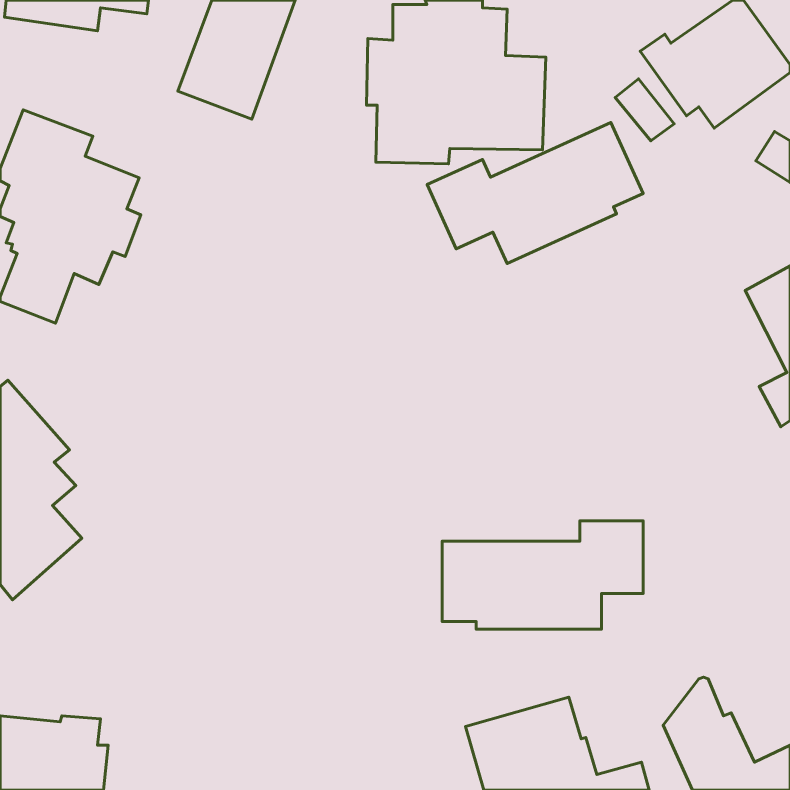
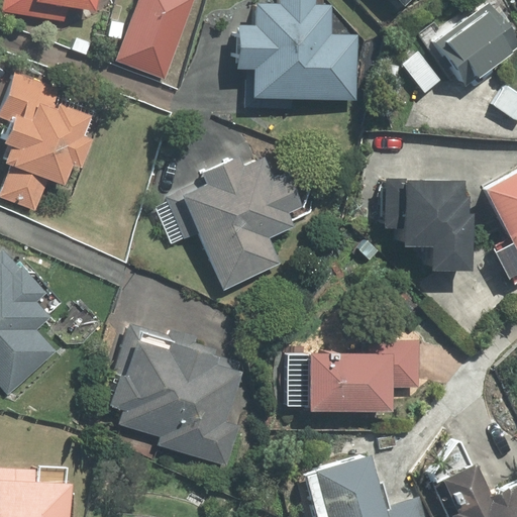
building: [427,122,643,264] -> none
building: none -> [156,159,305,289]
building: none -> [385,178,474,272]
building: none -> [113,324,243,464]

